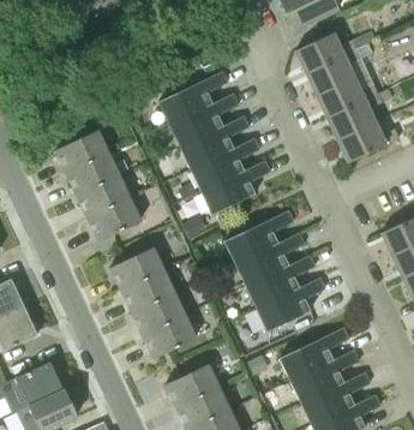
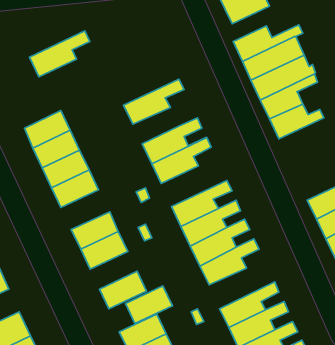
building: [158,71,228,124] -> [29,31,90,77]
building: [180,115,248,168] -> none
building: [131,292,185,335] -> [125,286,172,323]

